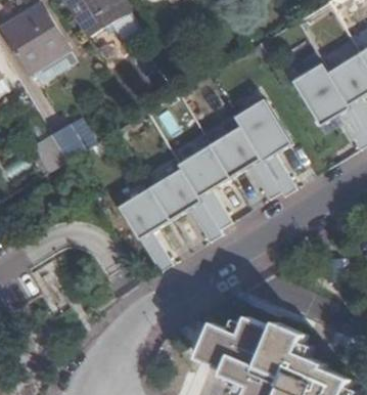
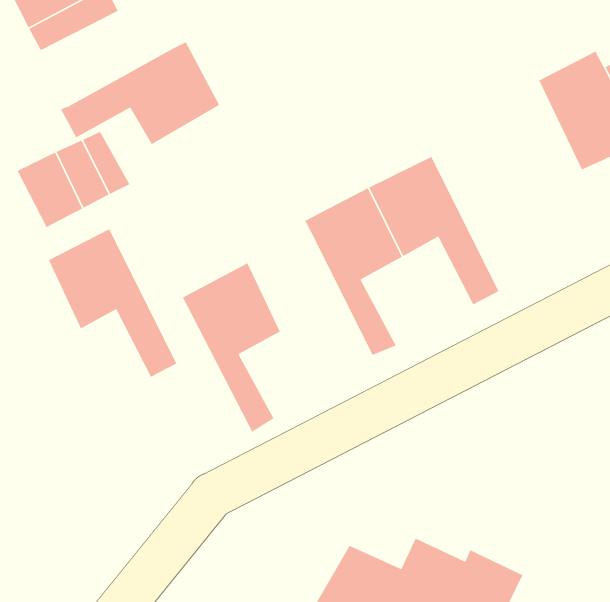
building: none -> [60,41,220,145]
building: [233,96,293,193] -> none
building: [148,164,219,239] -> [48,228,177,378]

